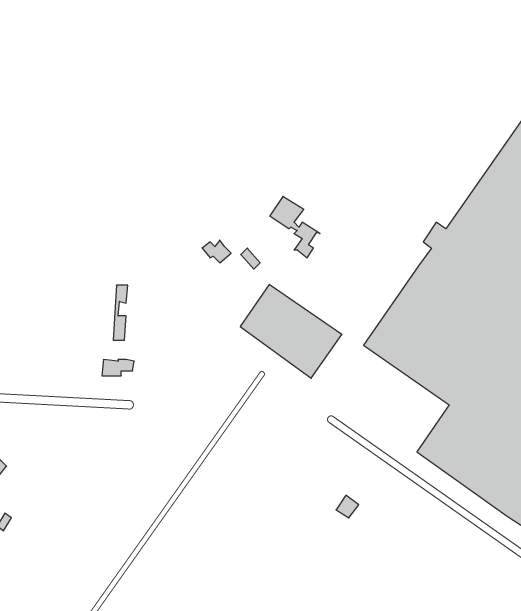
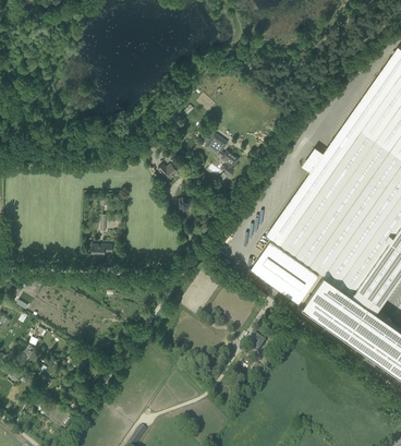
building: [240,285,342,378] -> [251,242,319,305]

